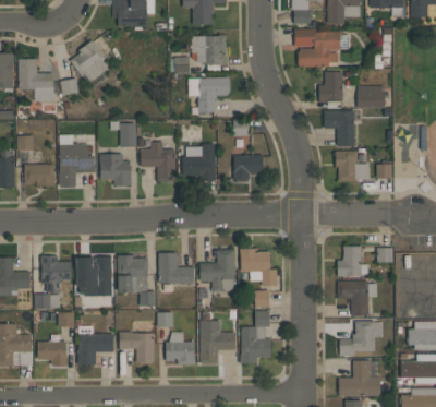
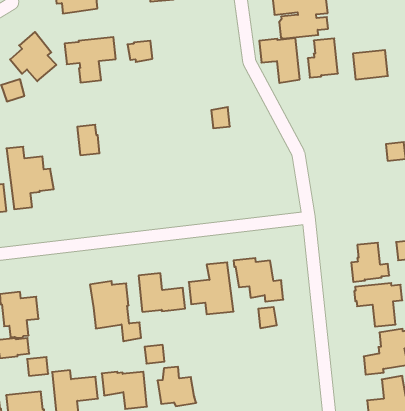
building: [192,34,226,64] -> none
building: [187,76,229,111] -> [65,37,116,82]
building: [324,109,354,146] -> [259,38,300,83]
building: [141,141,175,181] -> none
building: [182,143,215,180] -> none
building: [335,151,368,180] -> none
building: [99,153,131,184] -> none
building: [233,154,263,179] -> none
building: [76,254,112,296] -> none
building: [240,310,270,363] -> none
building: [199,320,235,363] -> none

